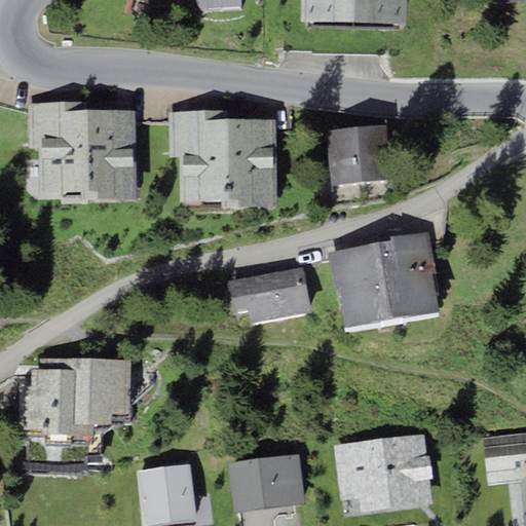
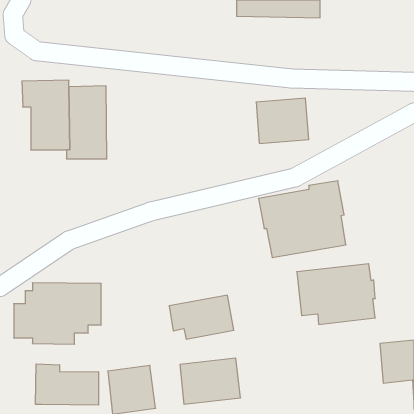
building: [170,111,279,208] -> none
building: [228,266,310,322] -> [169,295,234,339]
building: [333,435,433,512] -> [297,264,375,324]
building: none -> [35,364,98,405]

